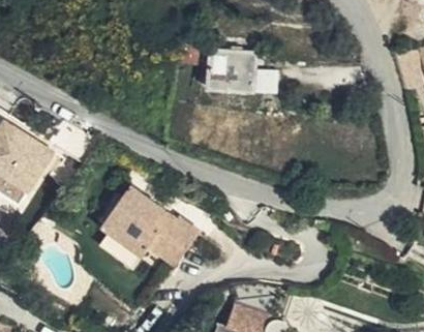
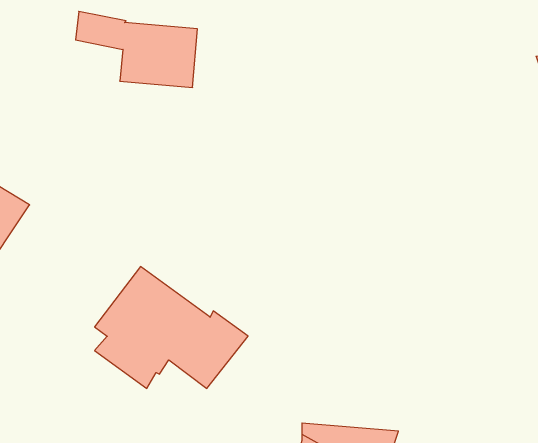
building: [176,42,255,92] -> [76,11,197,87]

